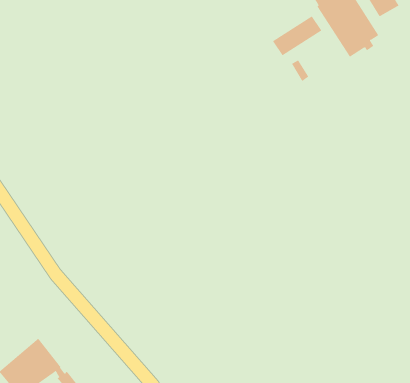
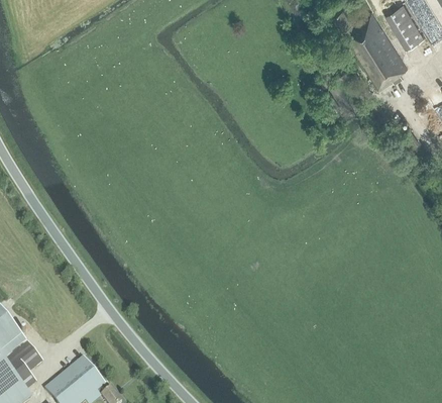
building: [272,16,322,56] -> none

